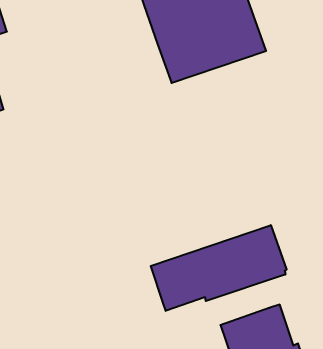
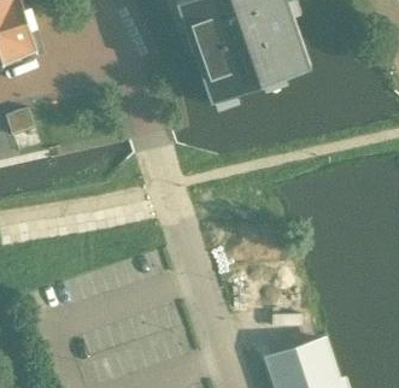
building: [151,225,287,311] -> none

